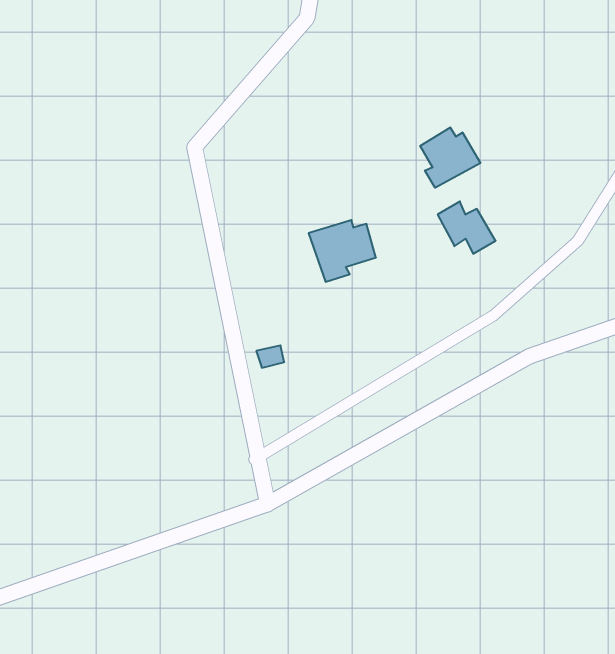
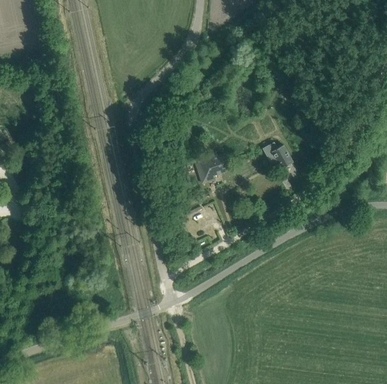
building: [420,127,480,188] -> none

